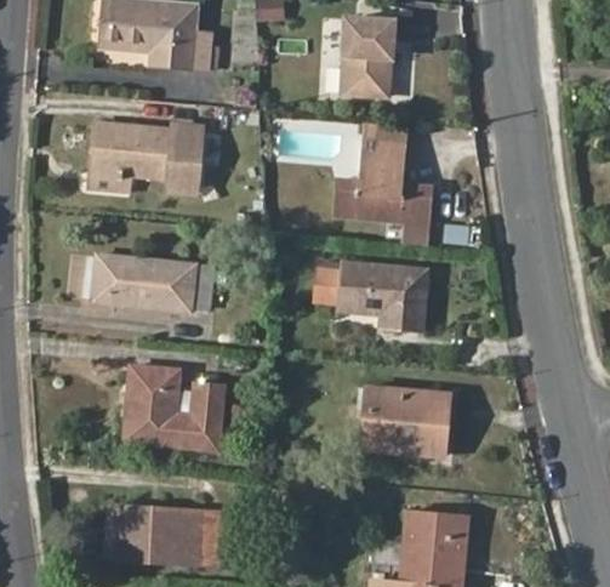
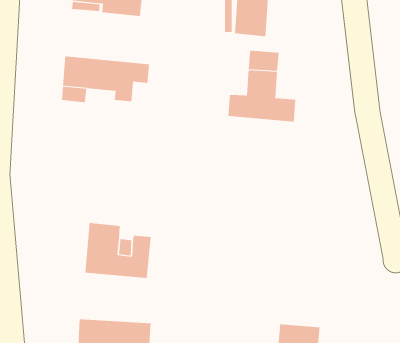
building: [96,256,212,310] -> none
building: [317,263,428,330] -> none
building: [363,387,449,455] -> none

